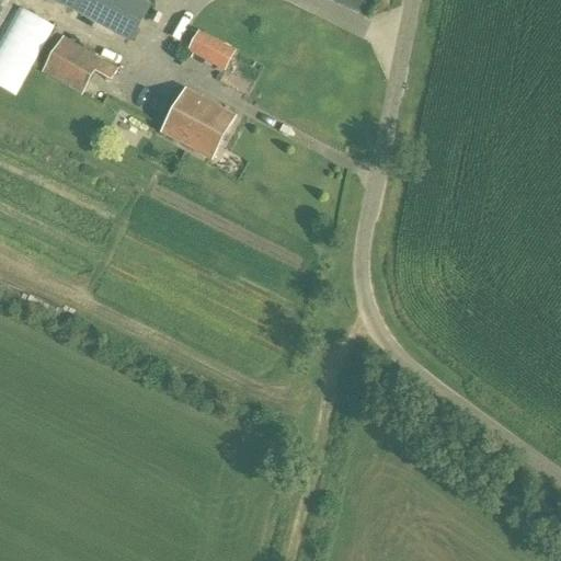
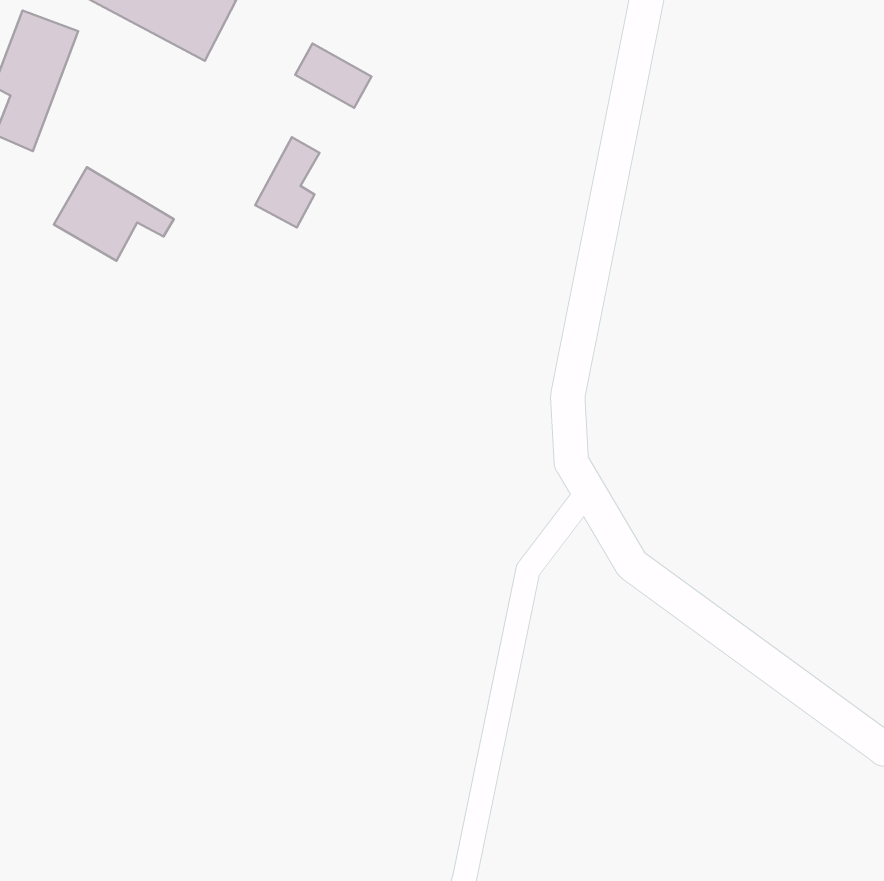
building: [41,33,116,92] -> [54,167,174,261]
building: [187,96,234,157] -> none

